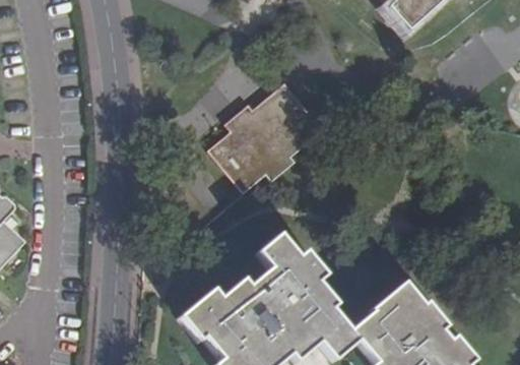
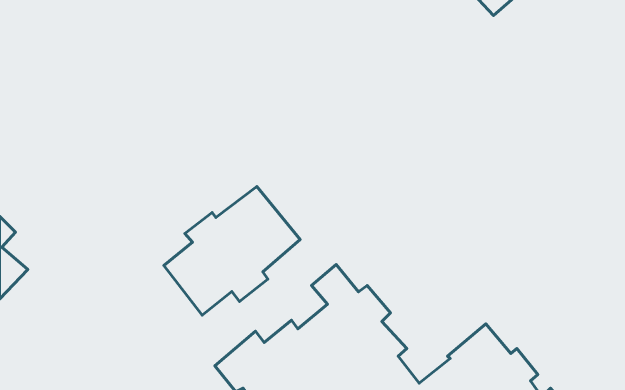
building: [213,82,325,188] -> [164,186,300,315]

